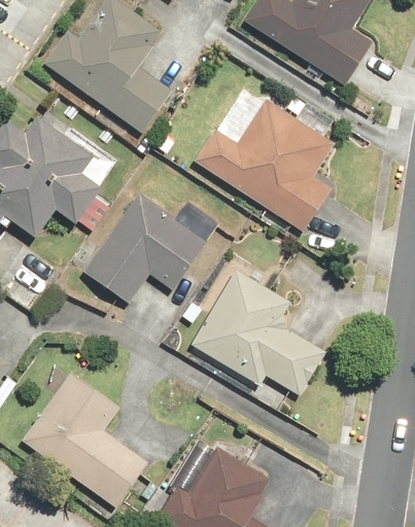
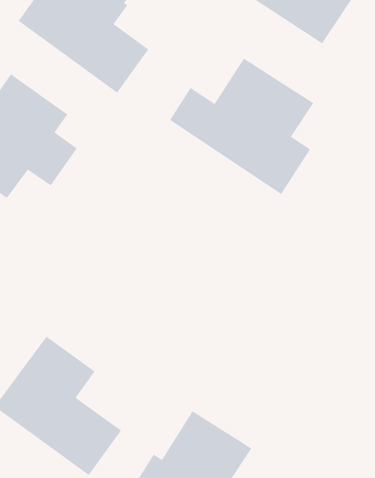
building: [80,192,207,306] -> none
building: [189,269,326,395] -> none

